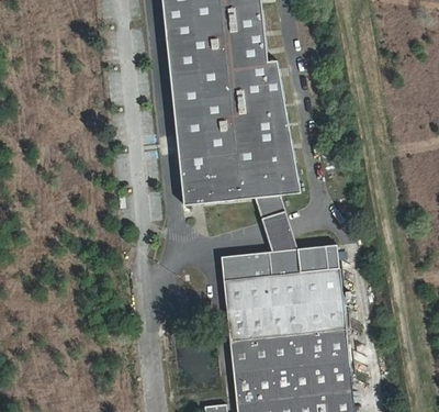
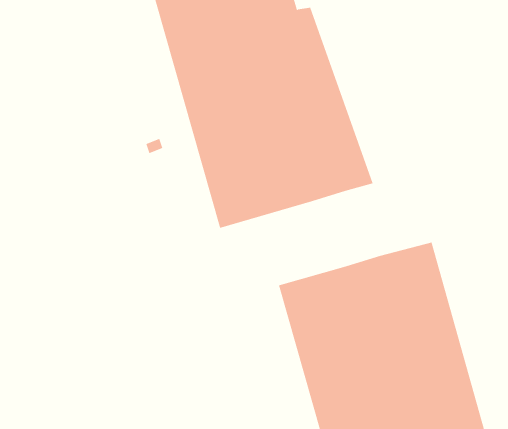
building: [255,197,296,250] -> none

